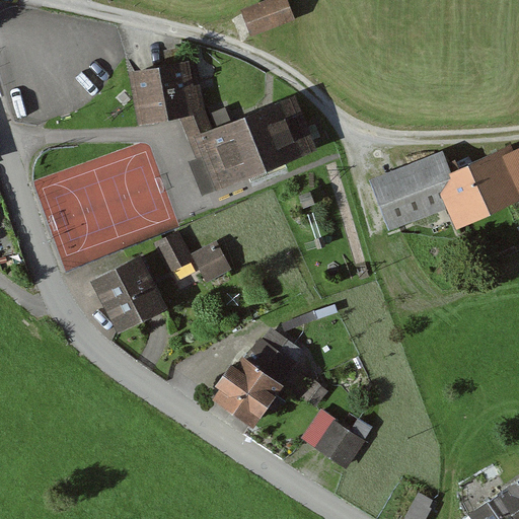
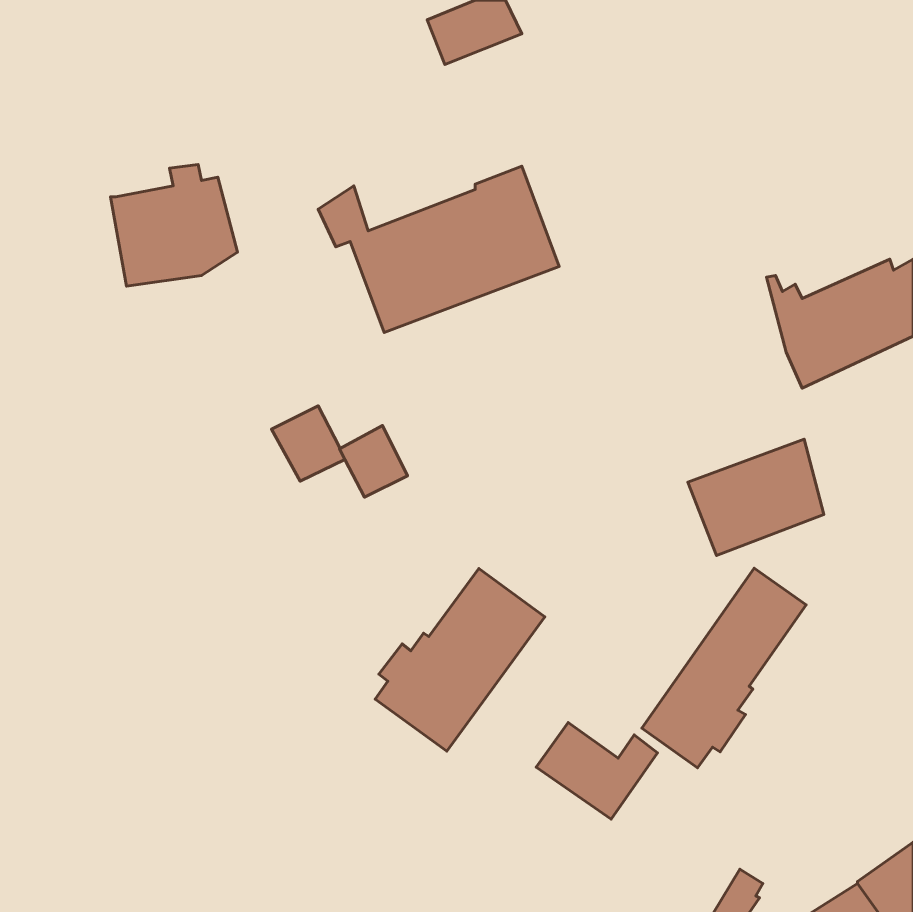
building: [129,57,201,126] -> [110,165,237,286]
building: [369,158,446,224] -> [688,439,824,556]
building: [92,257,167,333] -> none
building: none -> [642,568,806,768]

